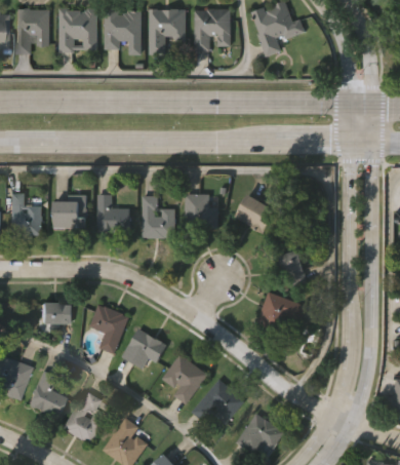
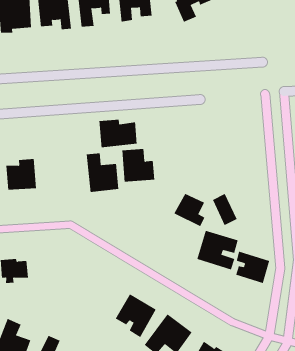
building: none -> [99,119,137,148]
building: [96,195,132,235] -> none
building: [234,195,270,234] -> [173,193,205,227]
building: [89,305,130,356] -> none
building: none -> [235,251,270,284]
building: [122,327,170,370] -> none

